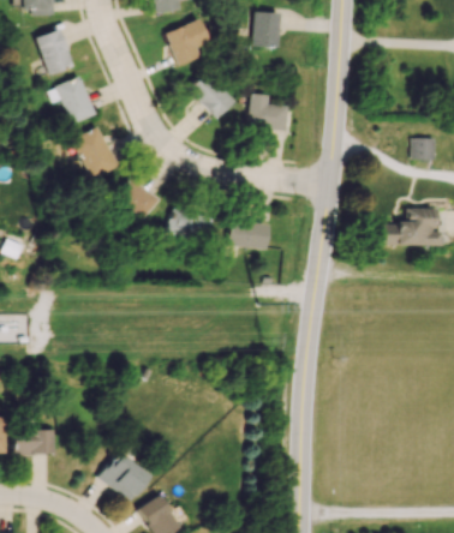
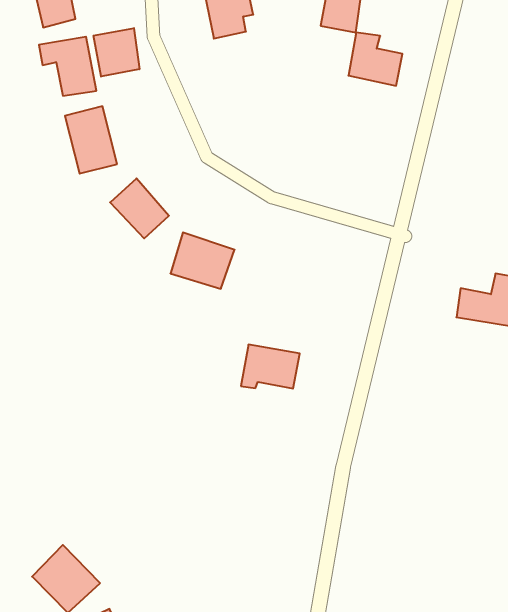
building: none -> [94,28,139,77]
building: [187,73,233,119] -> none
building: [250,95,287,130] -> [348,32,402,86]
building: [229,222,269,253] -> [241,345,300,389]

